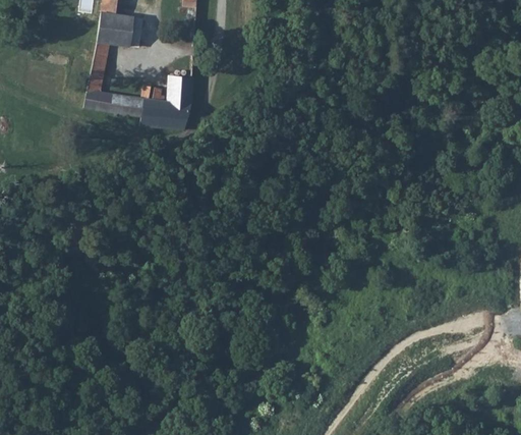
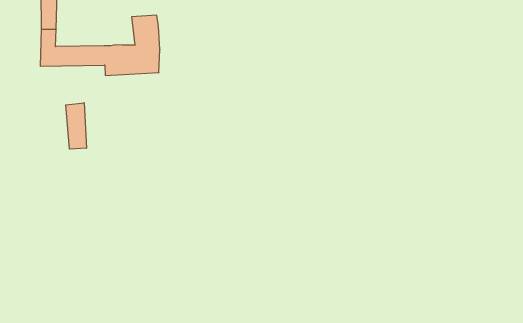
building: none -> [66,103,86,149]

